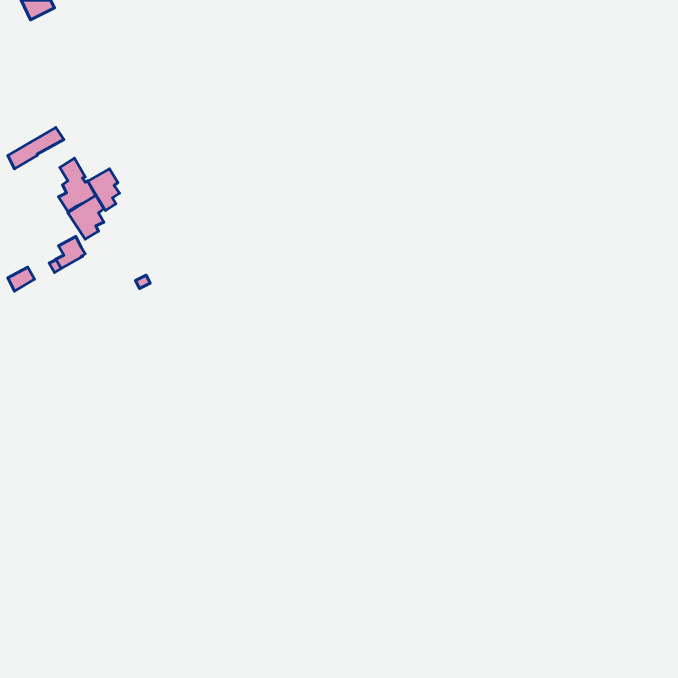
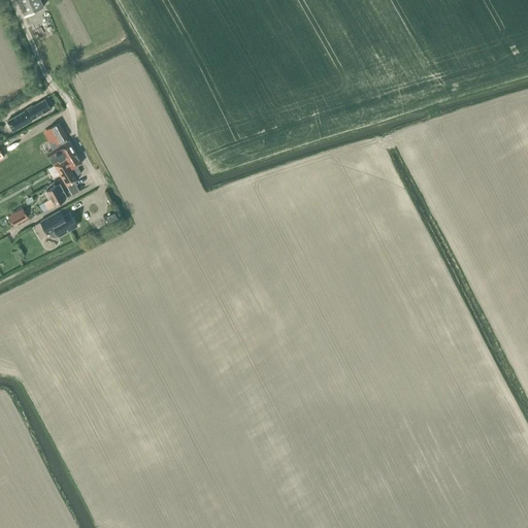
building: [88,169,120,210] -> none
building: none -> [39,210,75,237]

